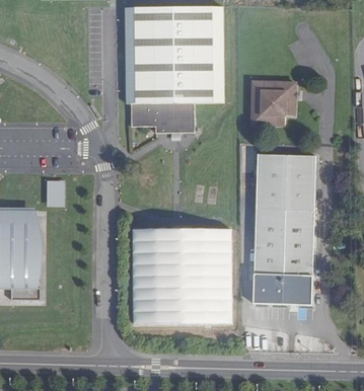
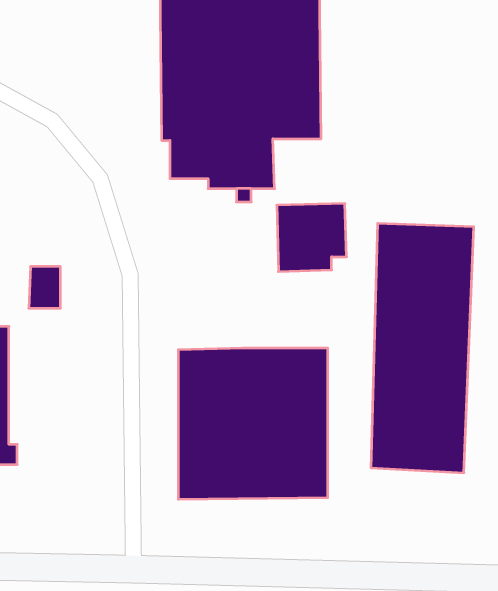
building: [251,82,294,124] -> [277,204,347,272]

